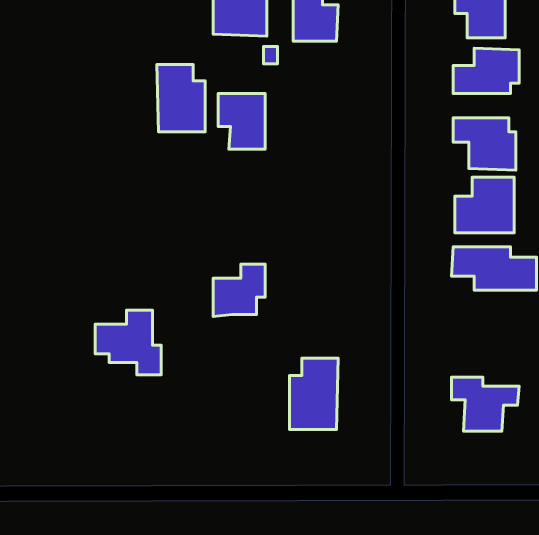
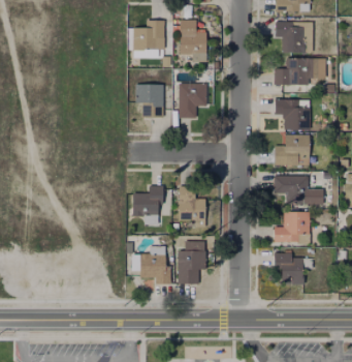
building: [157,64,205,132] -> none
building: none -> [178,83,205,118]
building: none -> [178,186,205,227]
building: none -> [274,212,310,242]
building: [95,310,161,375] -> [130,246,169,284]

